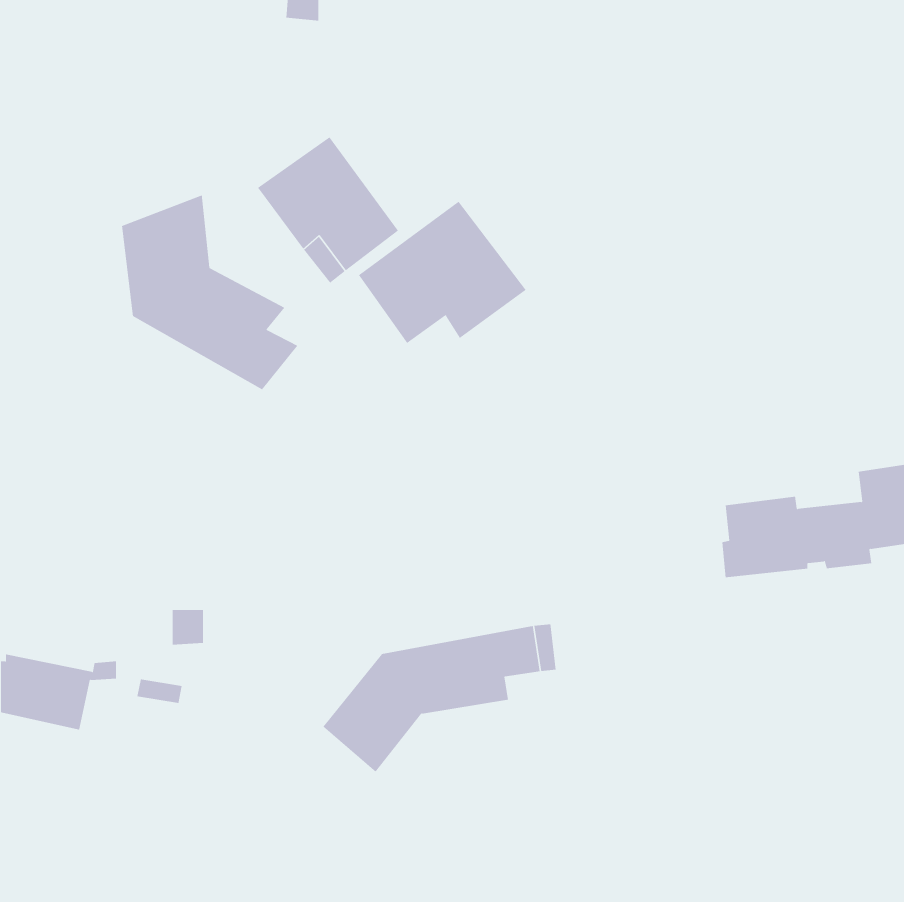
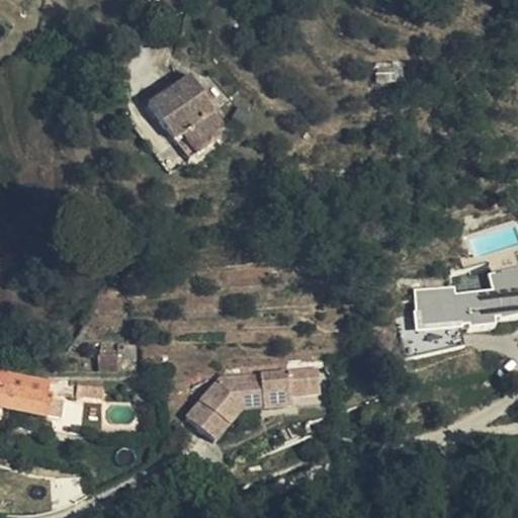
building: [122,195,298,390] -> none
building: [358,201,527,344] -> none

